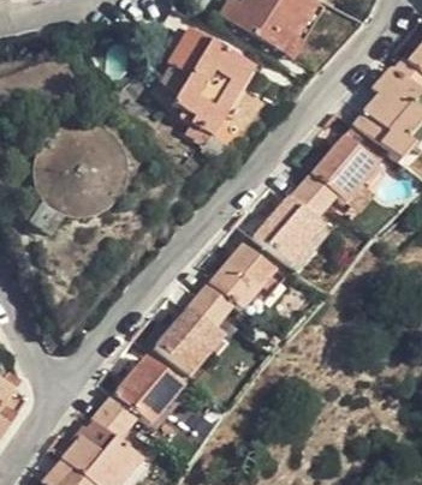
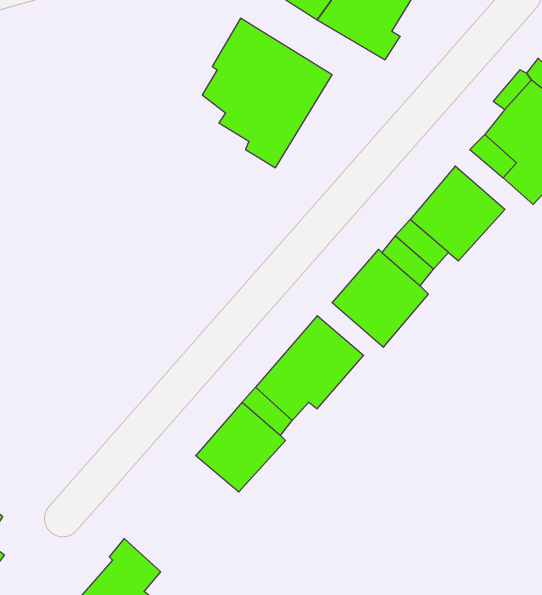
building: [32,126,127,233] -> none
building: [106,353,185,425] -> none

